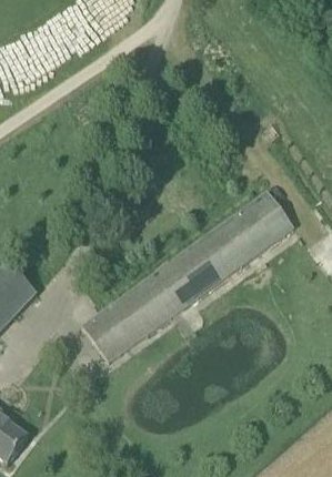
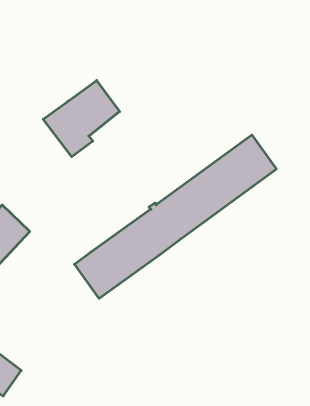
building: none -> [43,80,120,157]

